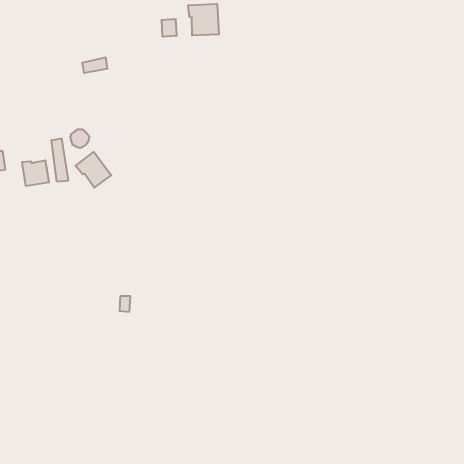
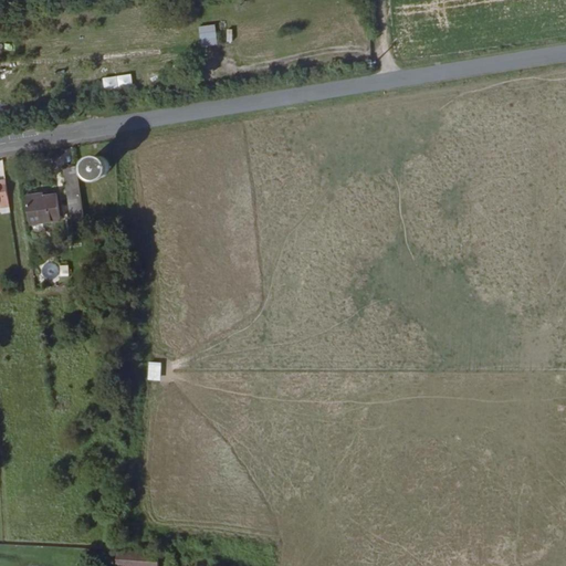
building: [188,4,219,36] -> none
building: [75,152,111,188] -> none

